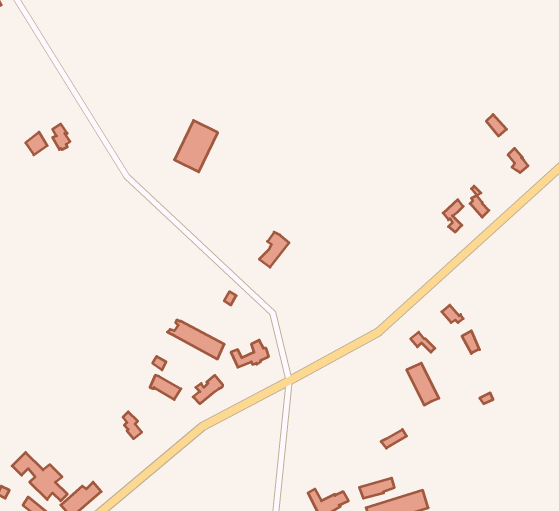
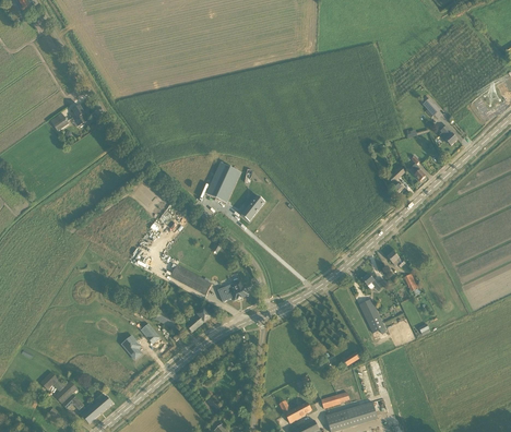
building: [174,120,218,172] -> [204,161,239,203]

